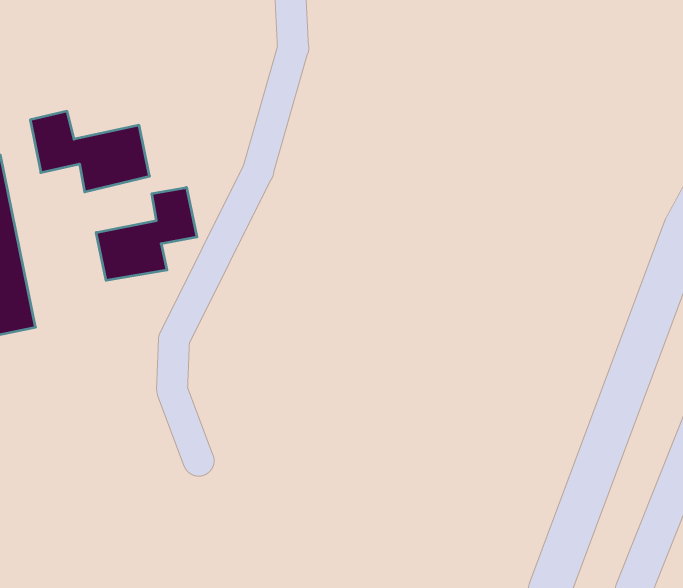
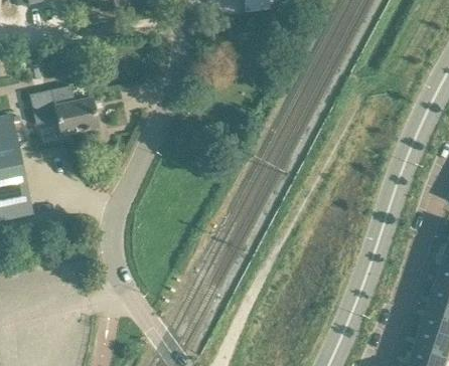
building: [96,187,197,280] -> none

